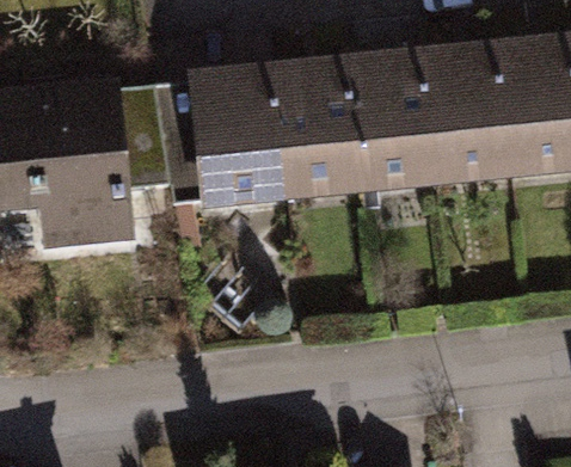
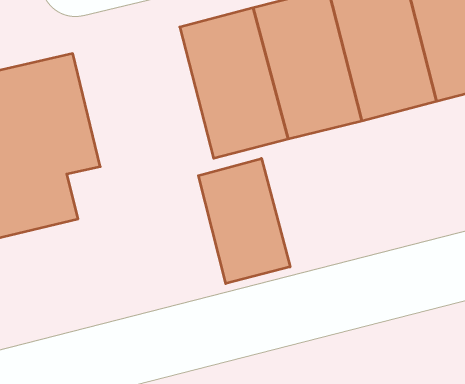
building: [186,64,278,209] -> none
building: none -> [198,158,290,284]

